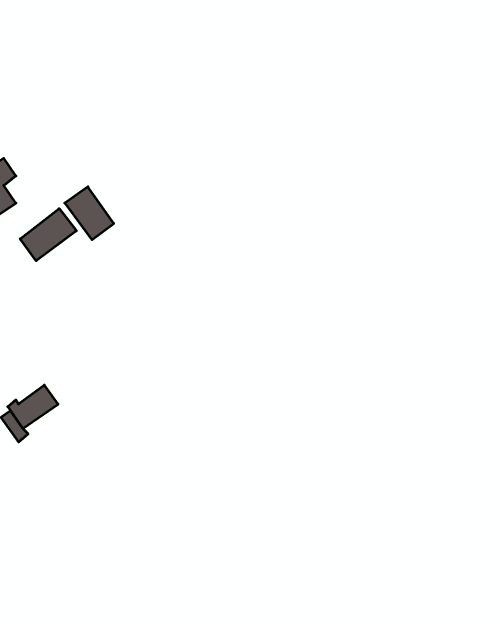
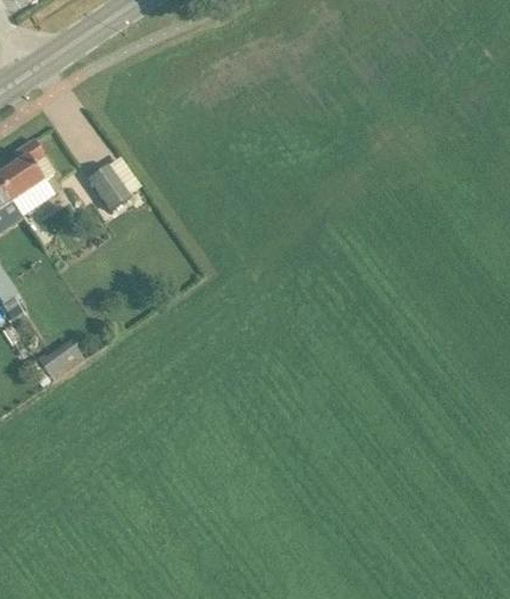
building: [20,209,76,261] -> none

